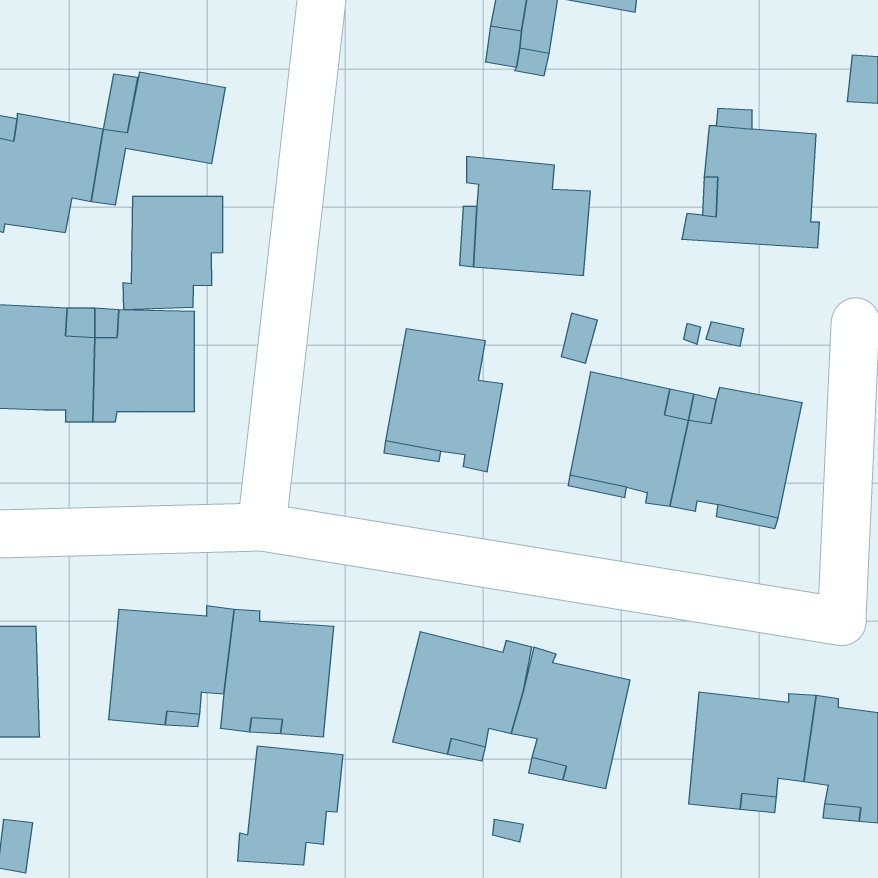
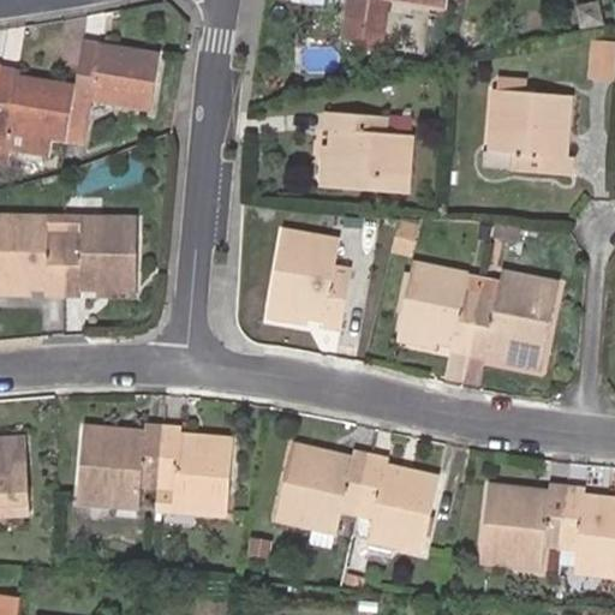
building: [123,196,223,310] -> none
building: [238,746,343,865] -> none

